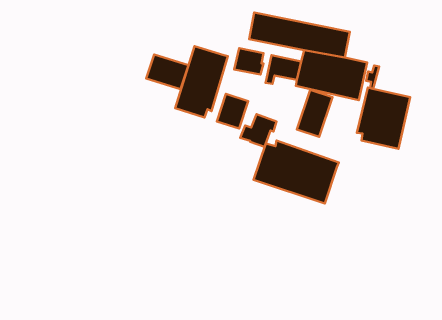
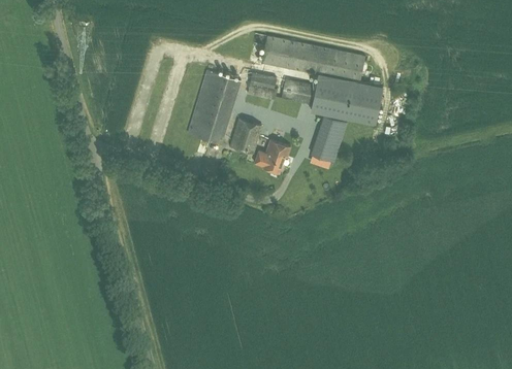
building: [146,55,188,89] -> none
building: [357,88,410,149] -> none
building: [254,141,339,204] -> none

